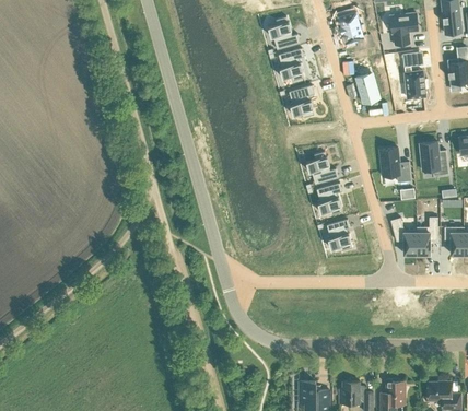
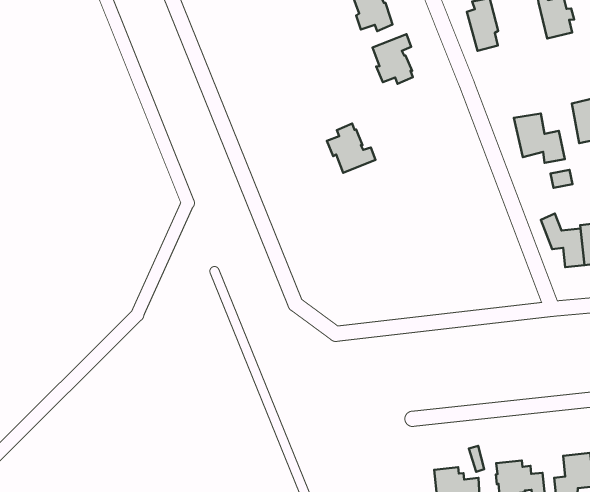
building: [305,151,337,184] -> [327,124,375,173]
building: [315,181,341,214] -> none
building: [325,219,351,250] -> none

